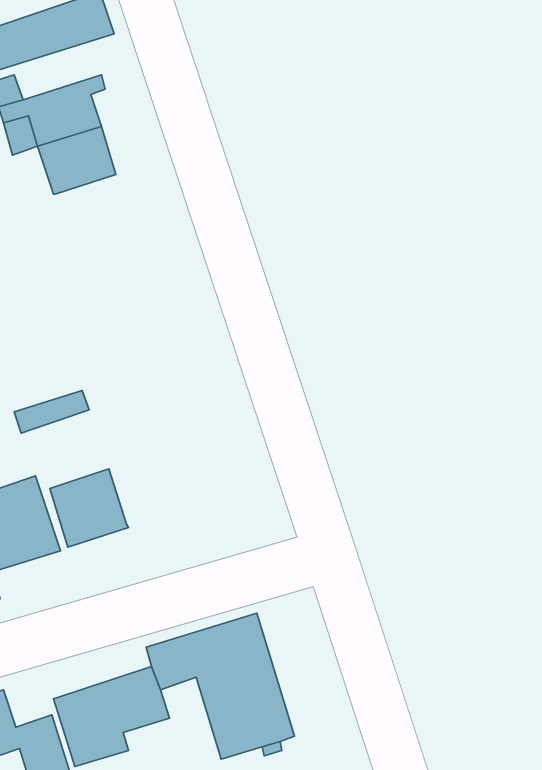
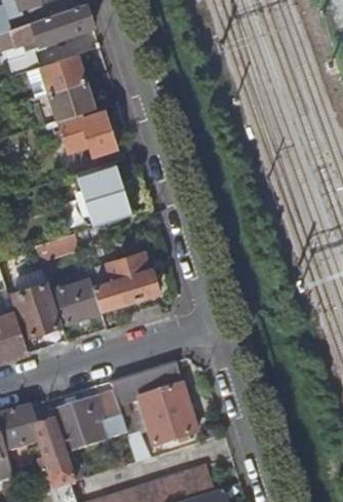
building: none -> [59,106,117,156]
building: none -> [76,160,132,227]
building: none -> [86,254,155,310]

